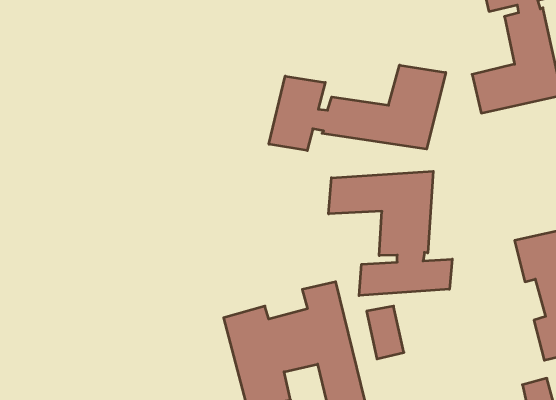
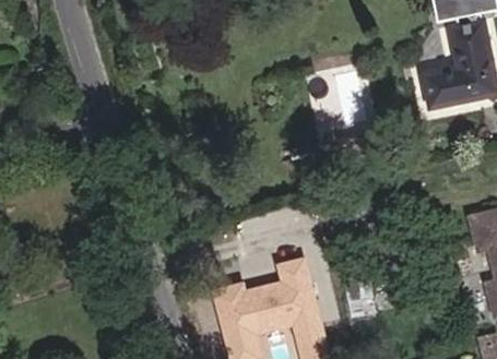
building: [269,65,446,151] -> none
building: [329,171,452,296] -> none

